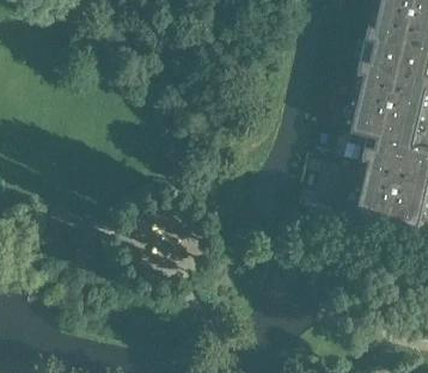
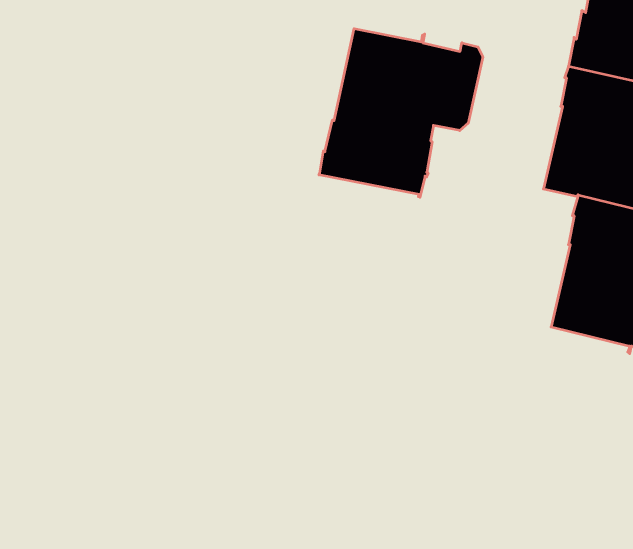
building: none -> [319,29,483,197]

